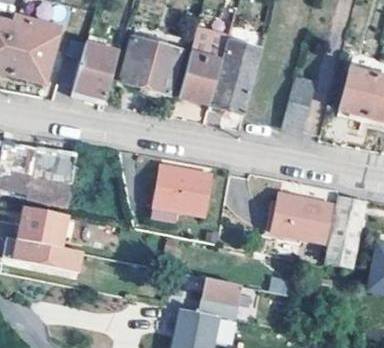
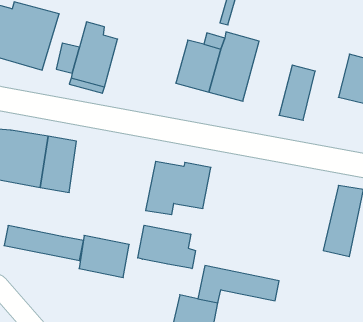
building: [121,34,181,93] -> none
building: [271,198,332,246] -> none
building: [20,206,70,248] -> [79,235,129,278]
building: none -> [138,225,195,269]

